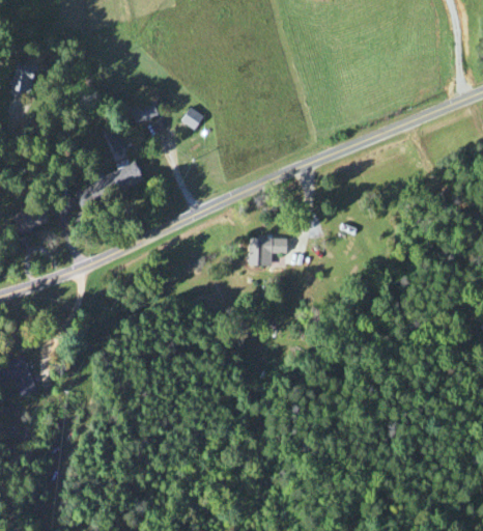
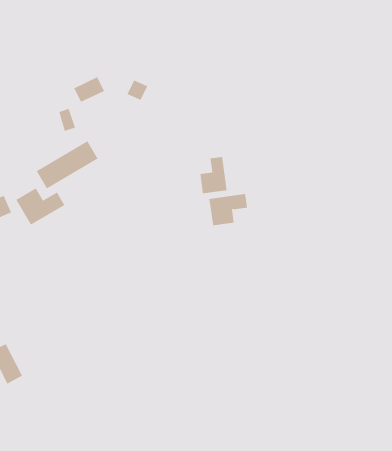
building: none -> [200,156,227,194]
building: none -> [15,187,65,226]

